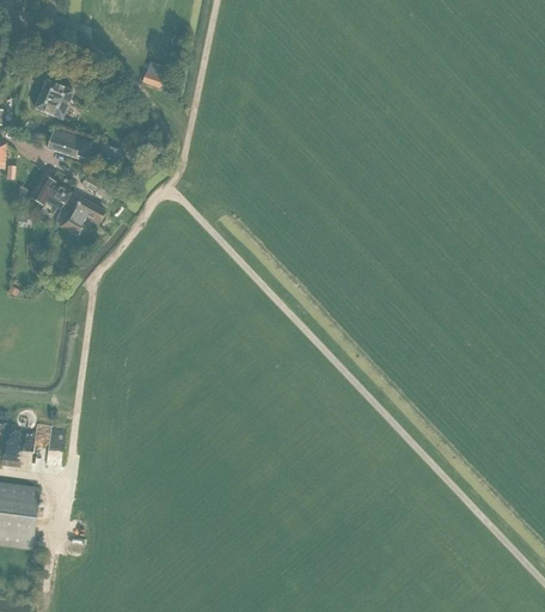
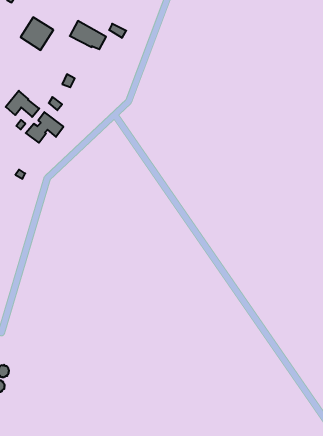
building: [47,127,92,158] -> [70,21,106,49]

